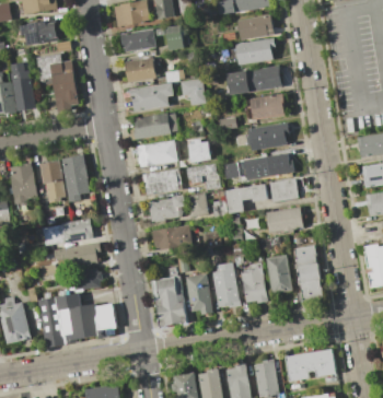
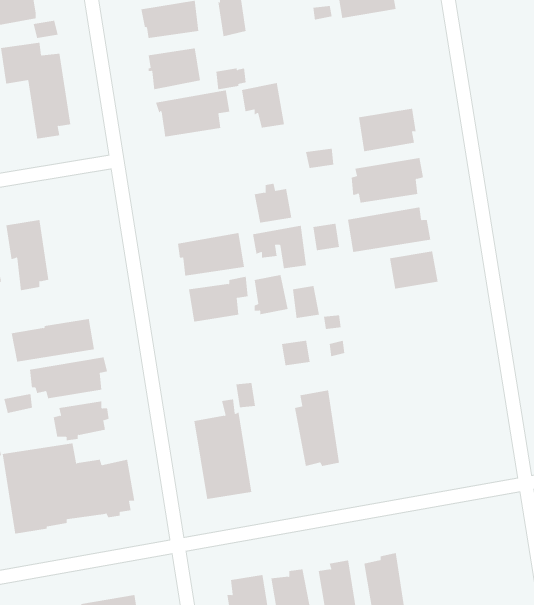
building: [235,37,276,65] -> none
building: [228,65,282,95] -> none
building: [135,112,178,139] -> none
building: [137,139,178,166] -> none
building: [62,154,90,201] -> none
building: [225,184,268,213] -> none
building: [266,206,304,232] -> none
building: [152,224,193,249] -> none
building: [294,245,324,301] -> none
building: [267,254,293,293] -> none
building: [239,261,267,303] -> none
building: [185,273,212,314] -> none
building: [286,349,336,381] -> none

